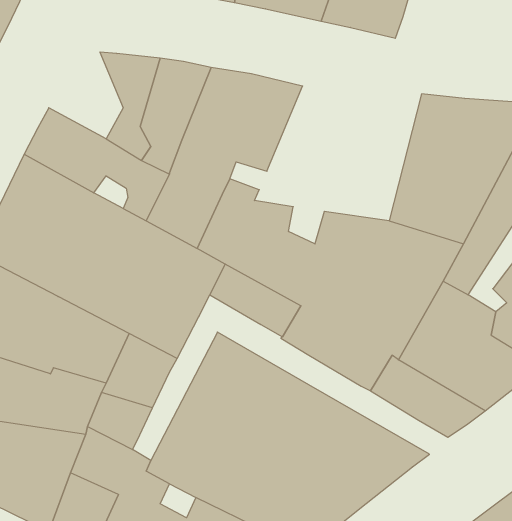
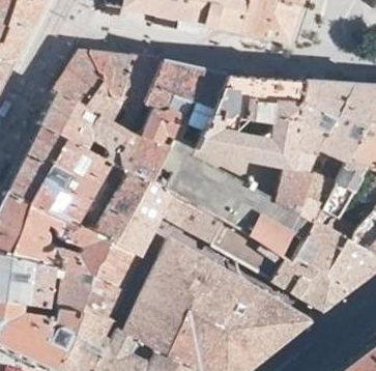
building: none -> [57,50,107,110]
building: none -> [195,75,307,165]

